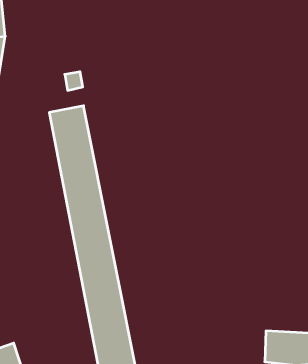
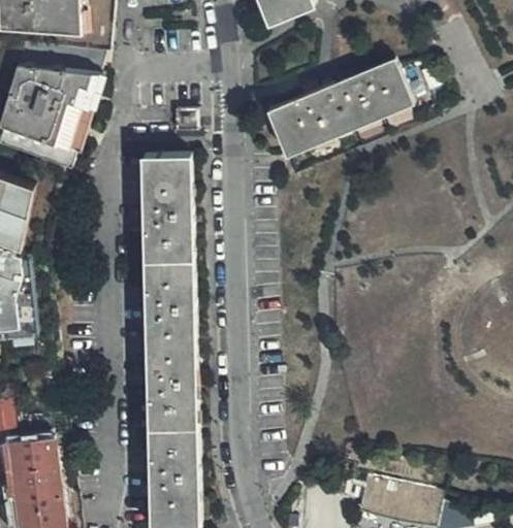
building: none -> [265,60,410,157]

